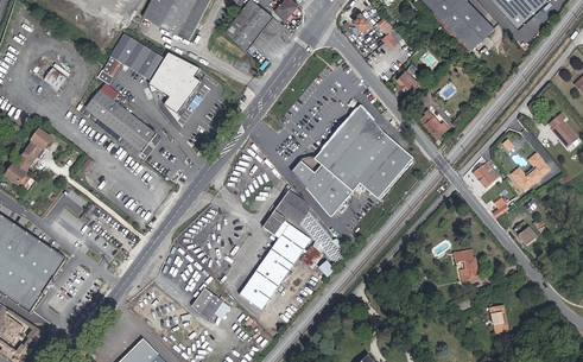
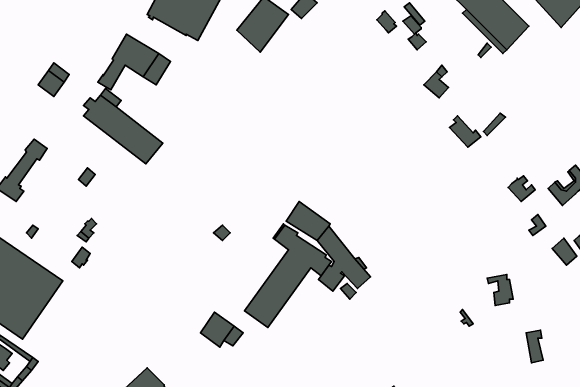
building: [152,53,201,114] -> none
building: [293,106,416,218] -> none

